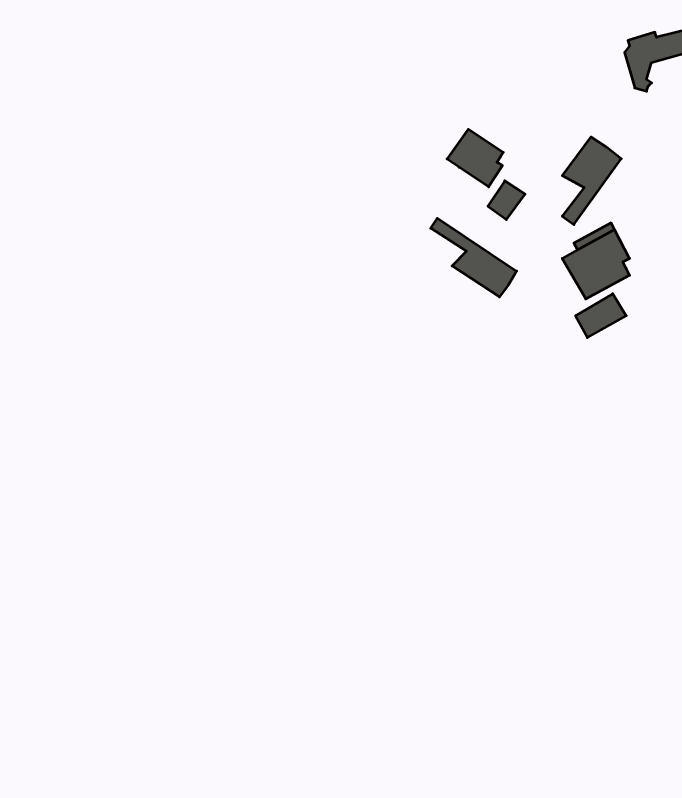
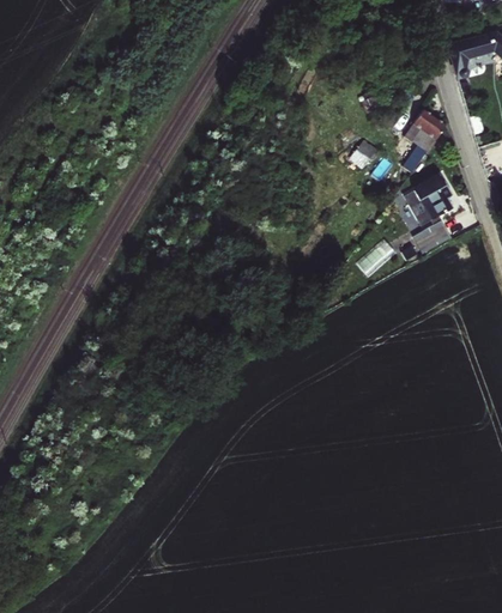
building: [447,129,503,187] -> none
building: [431,218,517,297] -> none

